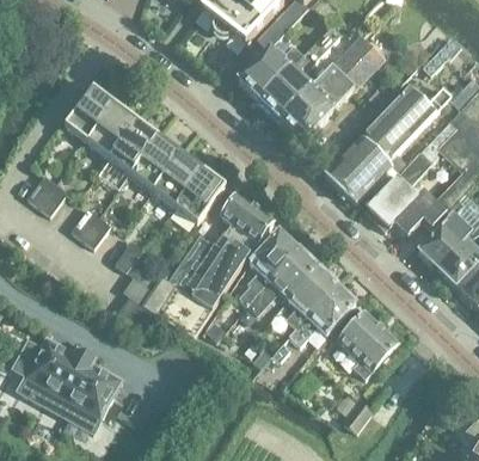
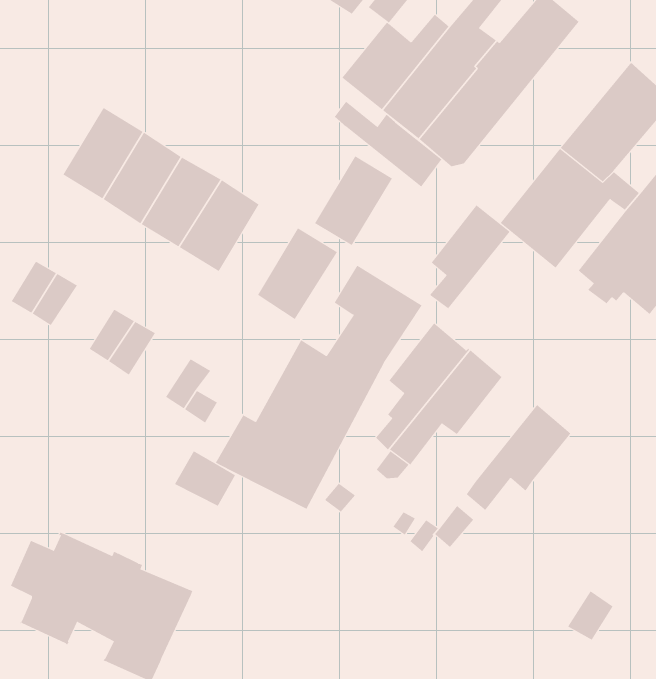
building: none -> [334,101,442,188]
building: [154,150,203,204] -> [314,156,393,246]
building: [285,265,337,326] -> [429,205,510,309]
building: [331,303,398,374] -> none

